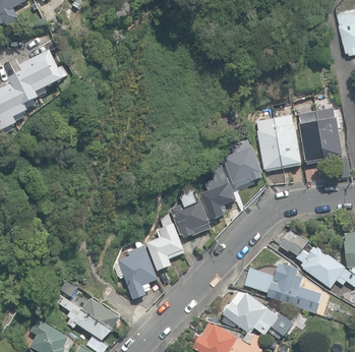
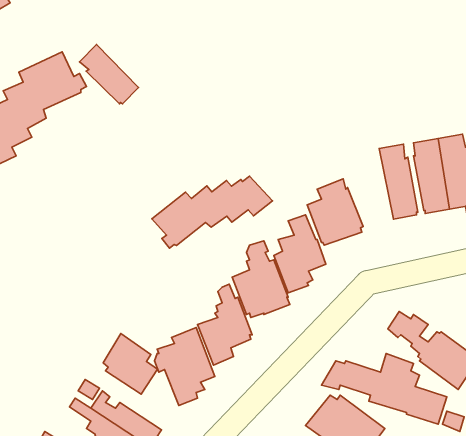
building: none -> [79,44,139,104]
building: [256,118,284,171] -> none
building: none -> [152,176,273,248]
building: none -> [103,334,158,394]

